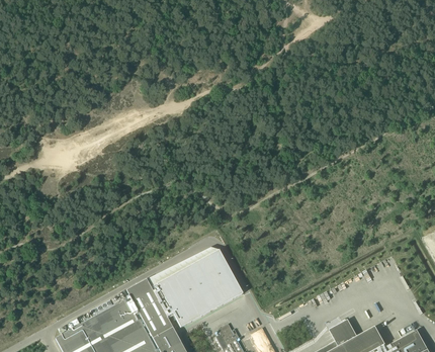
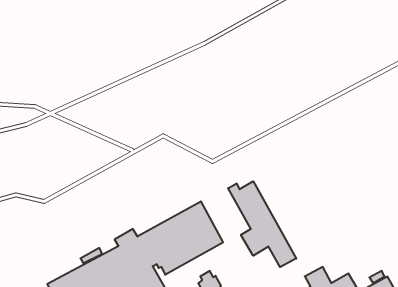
building: none -> [228,181,296,267]

